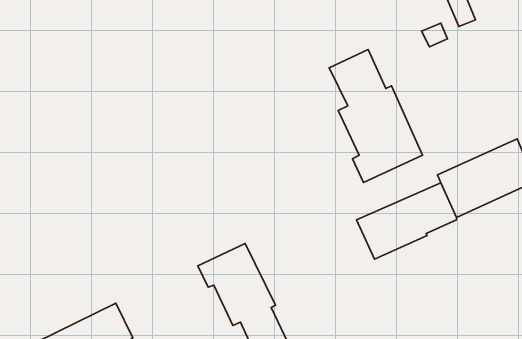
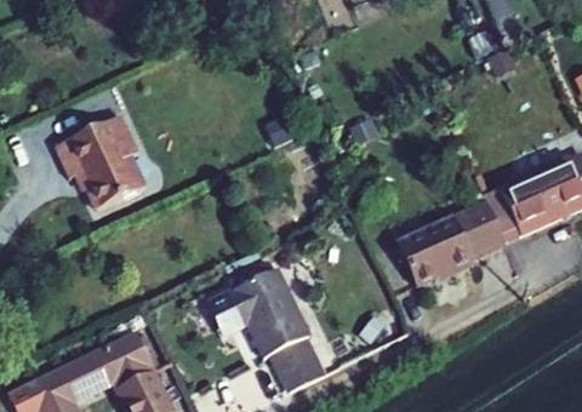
building: [329,50,423,182] -> none
building: none -> [55,115,144,208]

